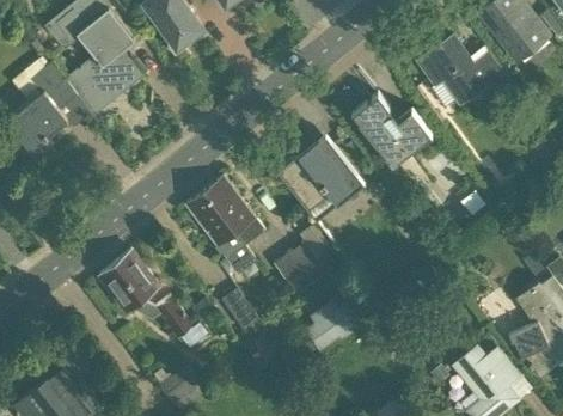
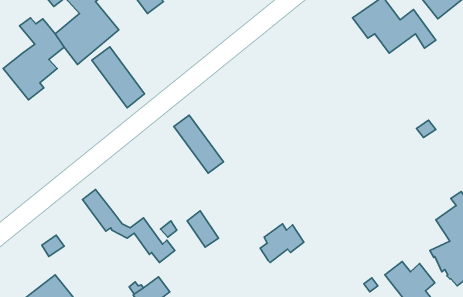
building: [351,93,433,154] -> none
building: [277,135,365,221] -> none
building: [185,189,247,261] -> [92,47,145,108]
building: [274,243,342,292] -> none
building: [115,250,159,300] -> none

